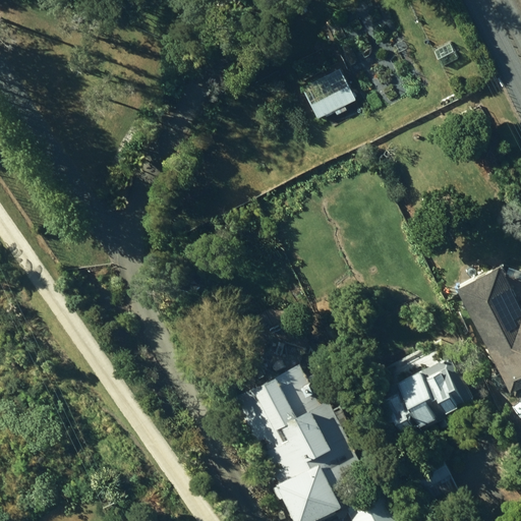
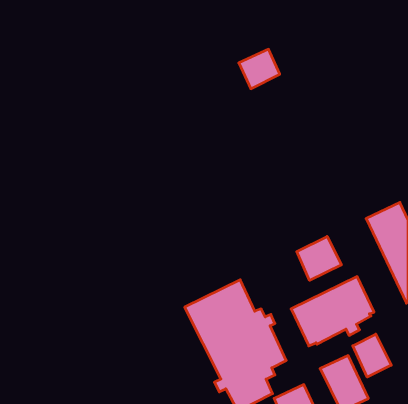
building: none -> [297,236,341,280]
building: none -> [353,334,391,377]

